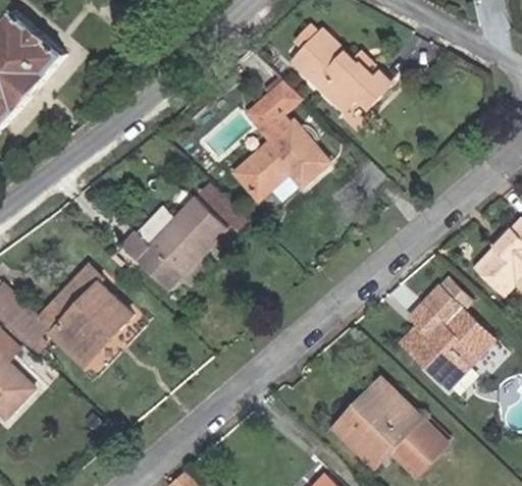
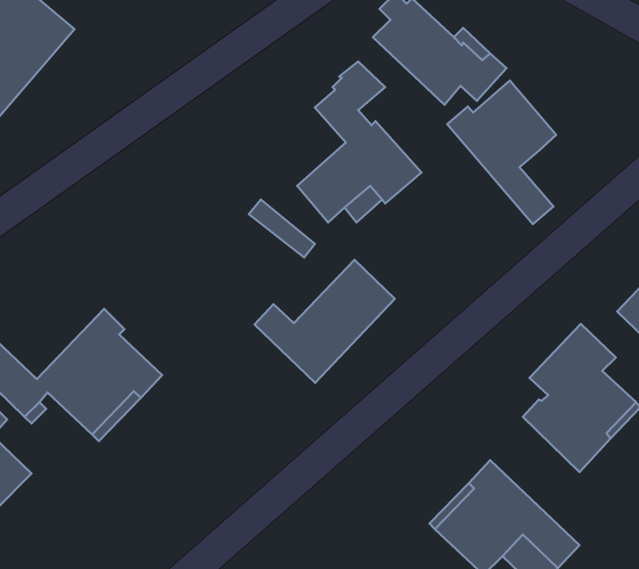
building: none -> [447,80,556,224]
building: [119,198,225,290] -> [255,260,395,383]

